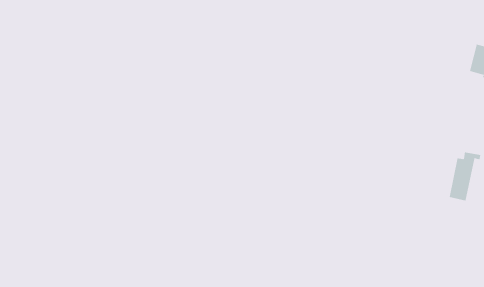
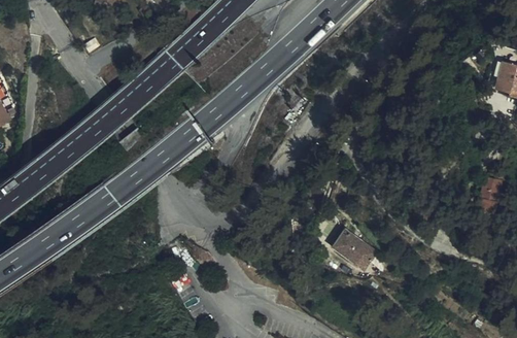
building: none -> [333,229,376,268]

